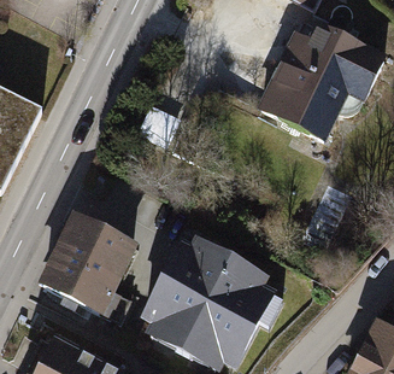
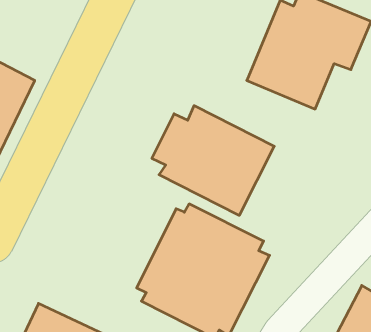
building: none -> [152,106,274,215]
building: [33,211,139,320] -> none

